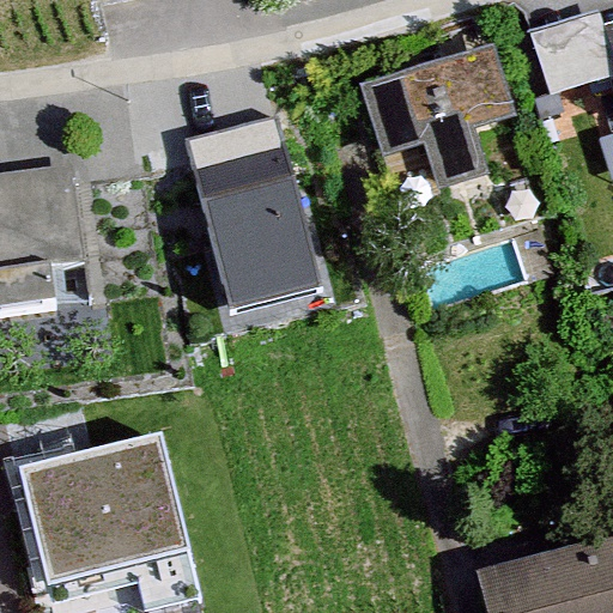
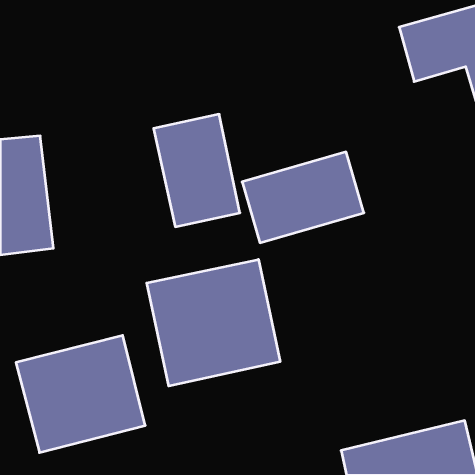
building: [351,59,506,175] -> [242,152,364,243]
building: none -> [147,259,280,386]

